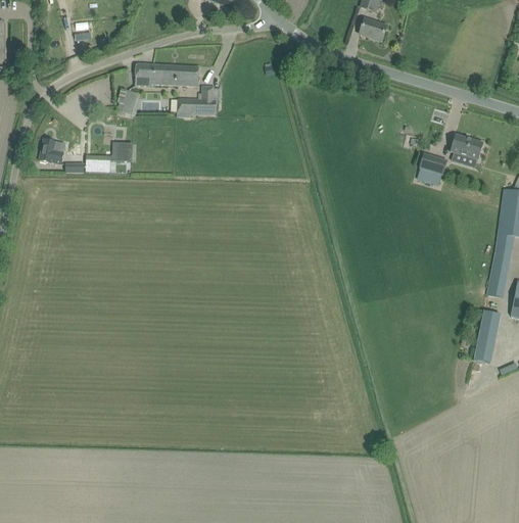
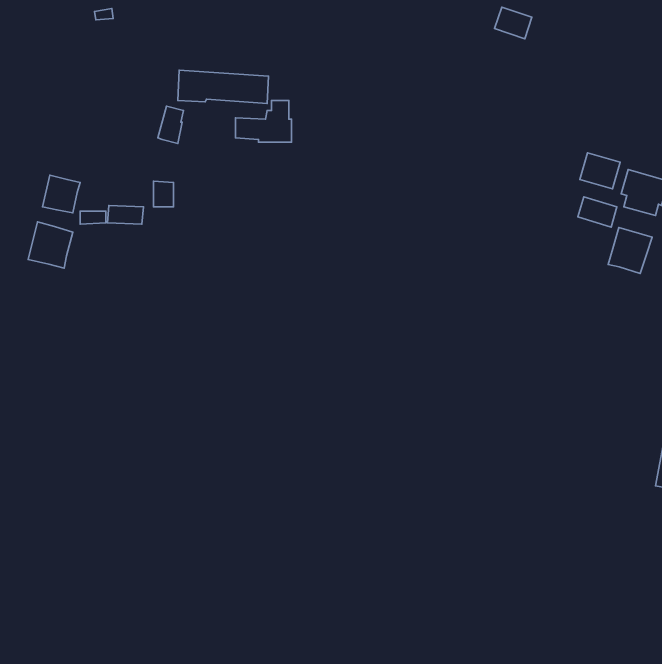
building: none -> [580,153,620,189]
building: none -> [28,222,73,268]
building: none -> [608,227,652,273]

